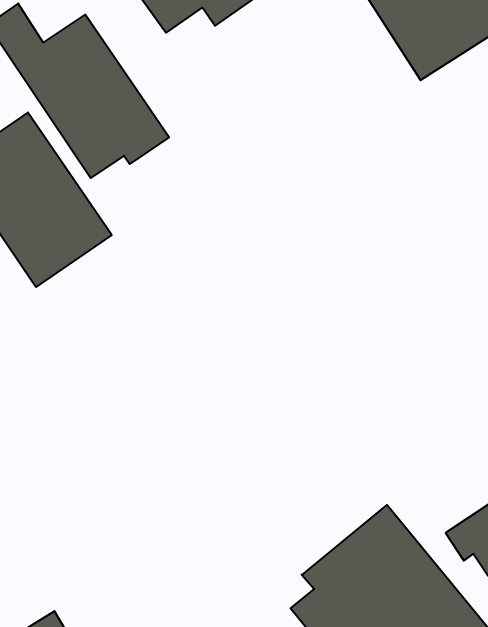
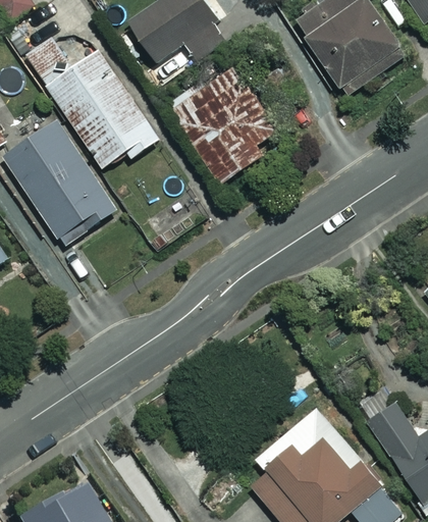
building: none -> [164,67,269,180]

